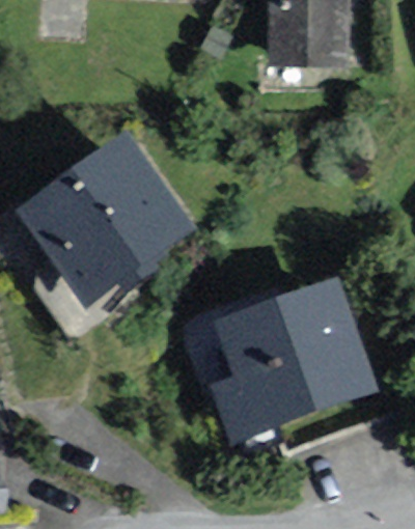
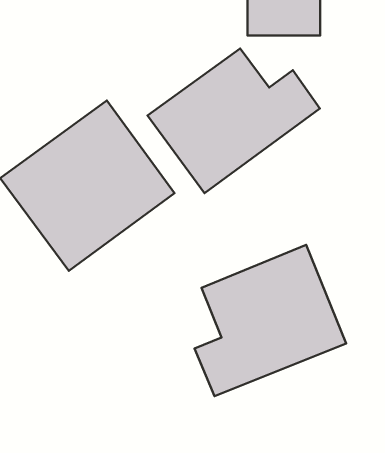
building: none -> [148,48,320,193]

